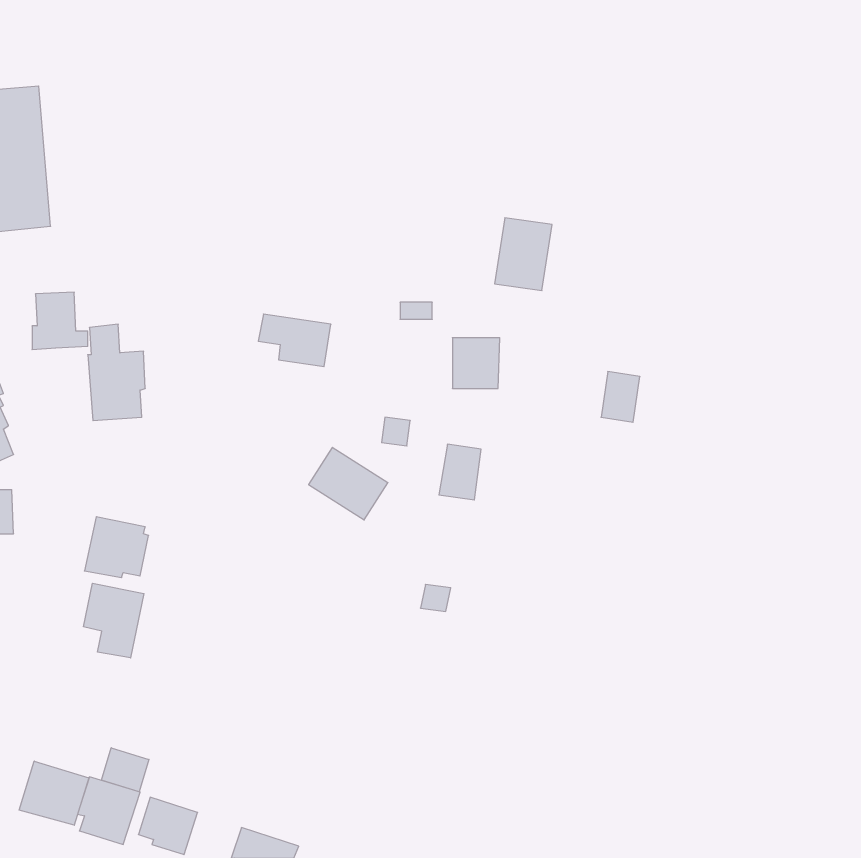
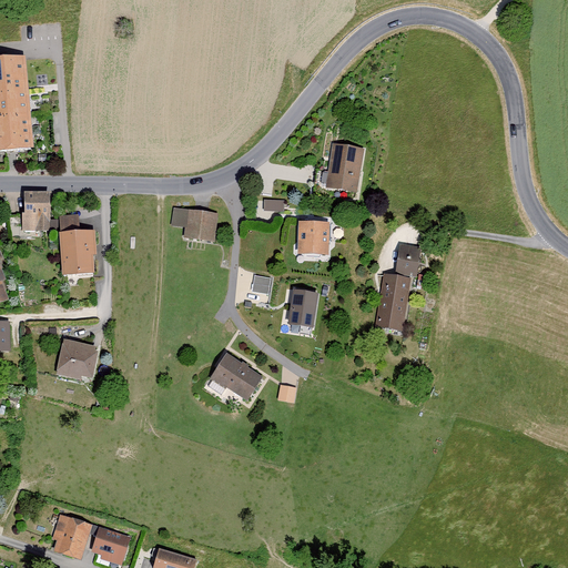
building: none -> [374,273,410,331]
building: [309,447,388,520] -> [210,354,262,402]
building: [84,583,144,658] -> none
building: [102,748,149,792] -> none
building: [19,761,89,825] -> none

